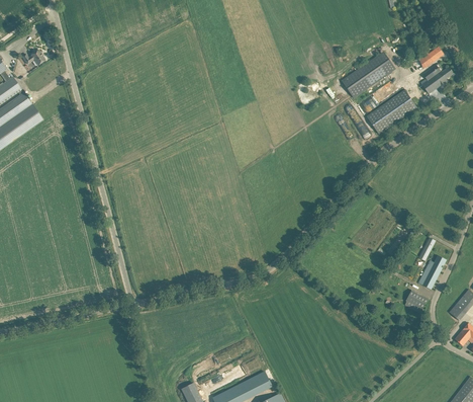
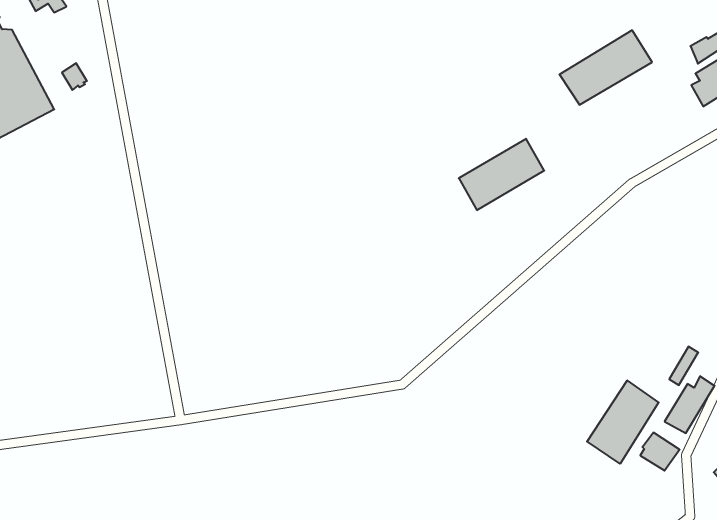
building: [366,89,416,134] -> [459,139,544,210]
building: none -> [587,380,659,464]

